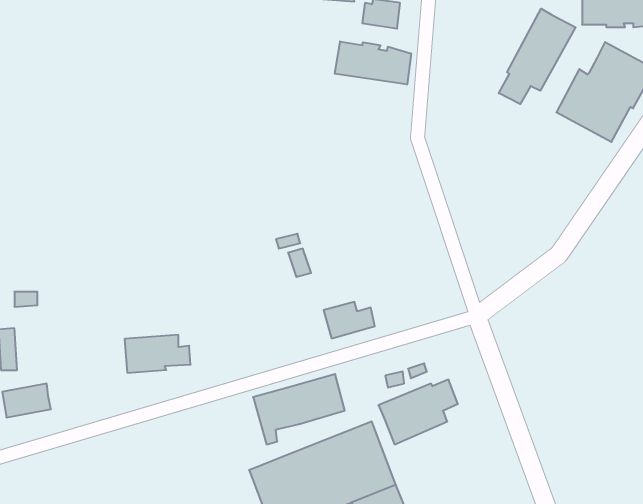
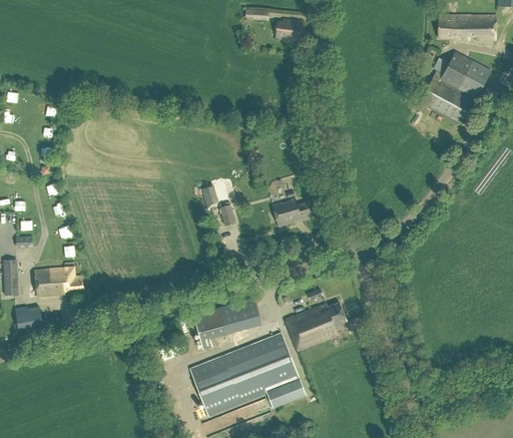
building: [499,9,576,104] -> none
building: [335,41,411,85] -> none
building: [324,302,375,338] -> [272,198,310,226]
building: [125,335,191,373] -> [33,268,82,296]

